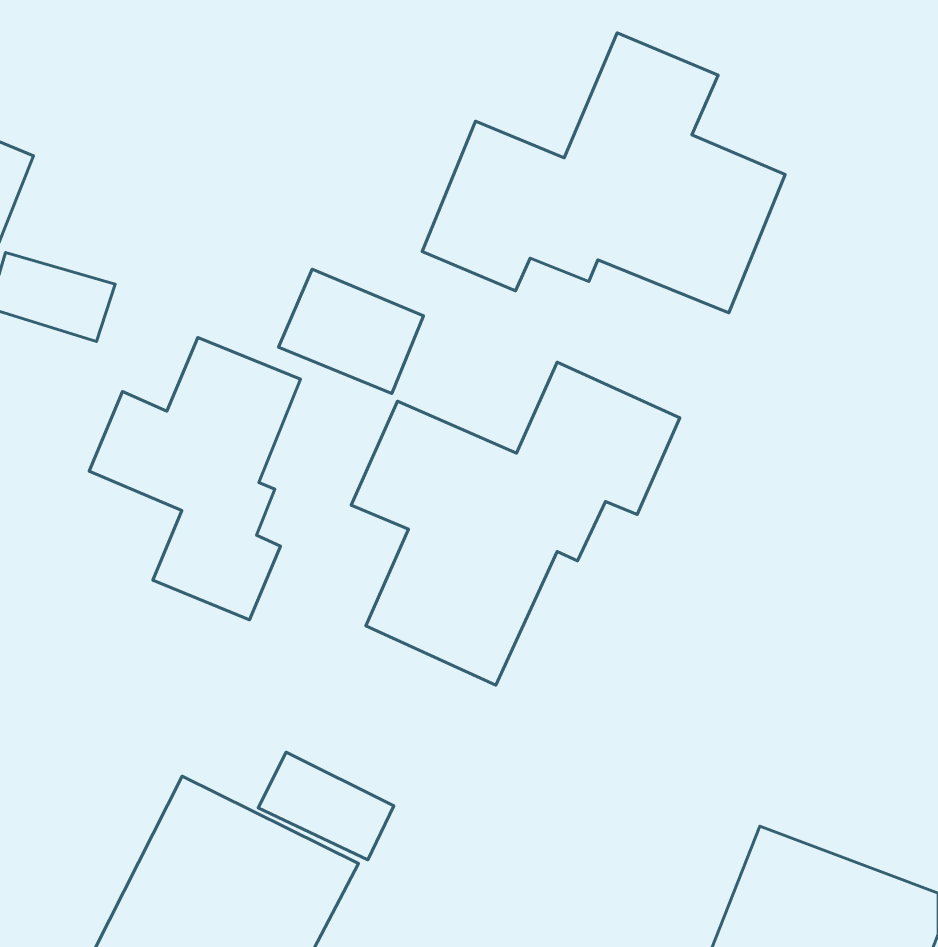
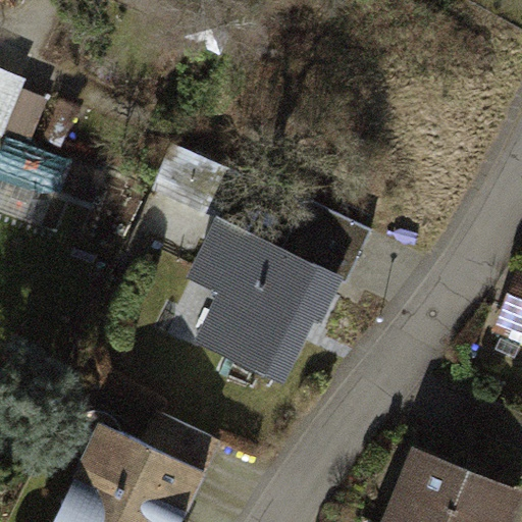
building: [422,33,785,313] -> none
building: [89,337,301,620] -> none

